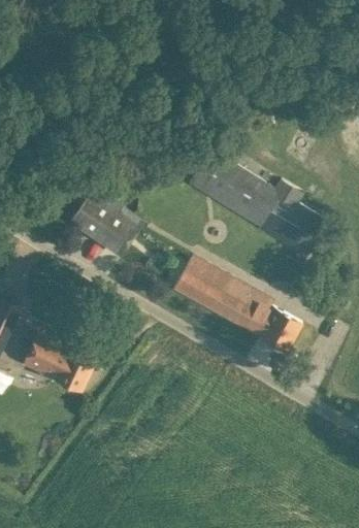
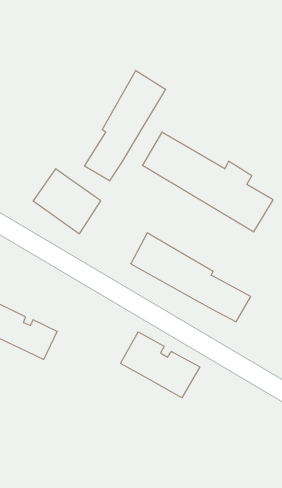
building: none -> [84,70,166,181]
building: none -> [121,332,200,398]

